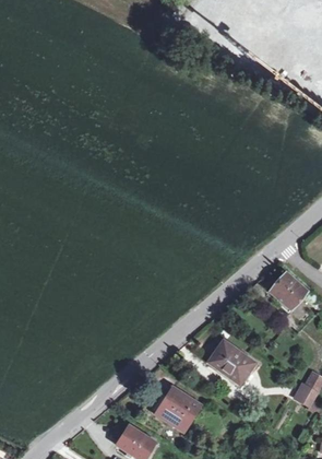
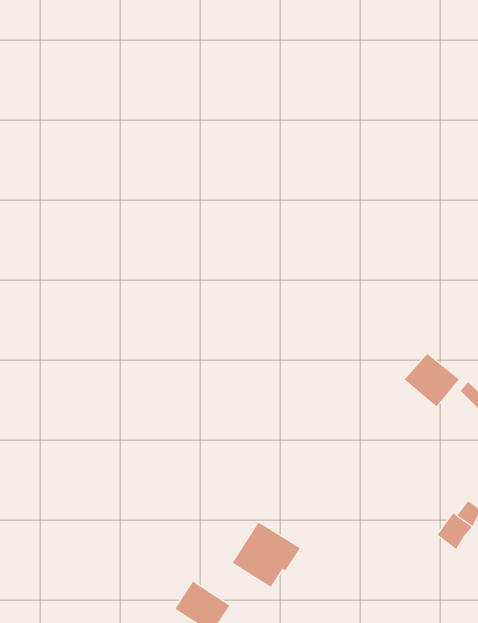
building: [204,341,251,385] -> none

